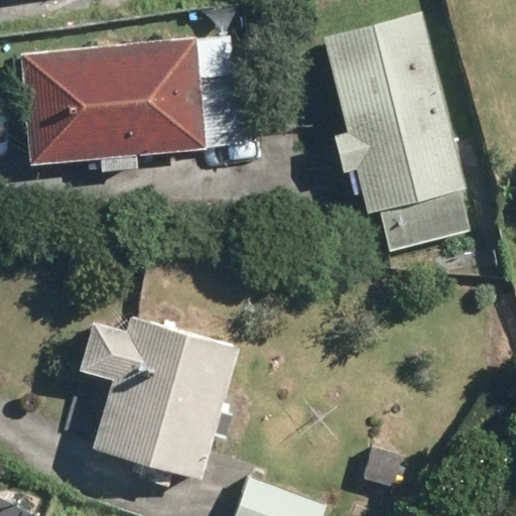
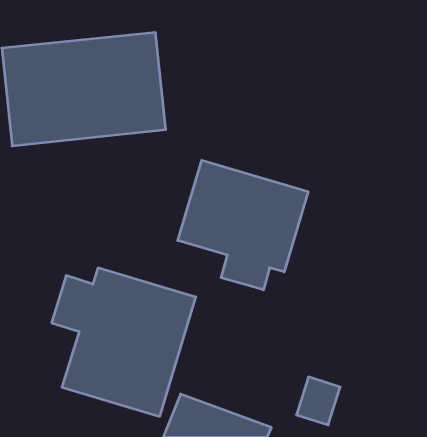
building: [318,11,472,216] -> none
building: none -> [178,160,308,290]

